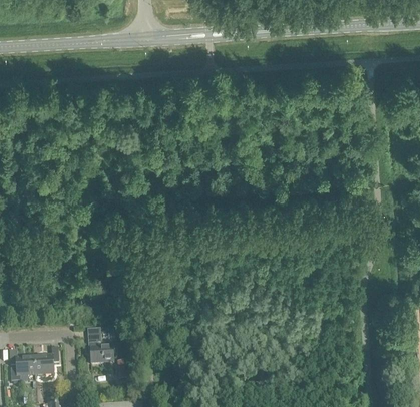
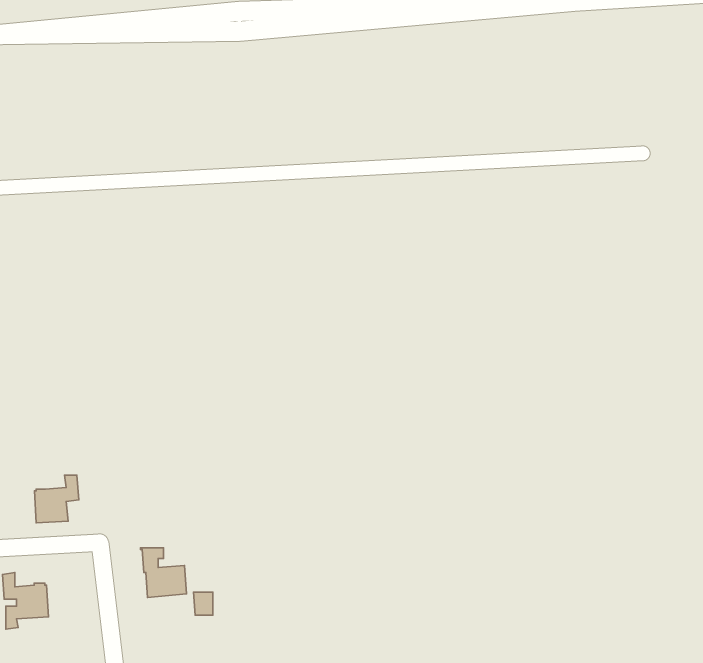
building: [33,347,58,374] -> [34,475,79,523]

